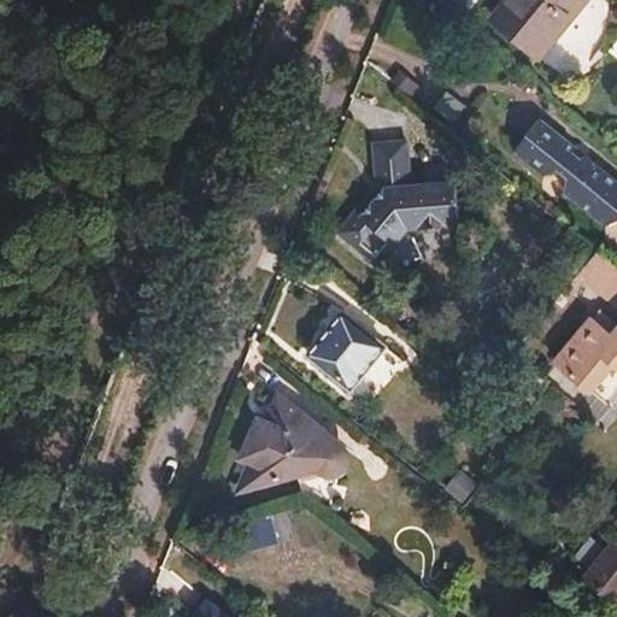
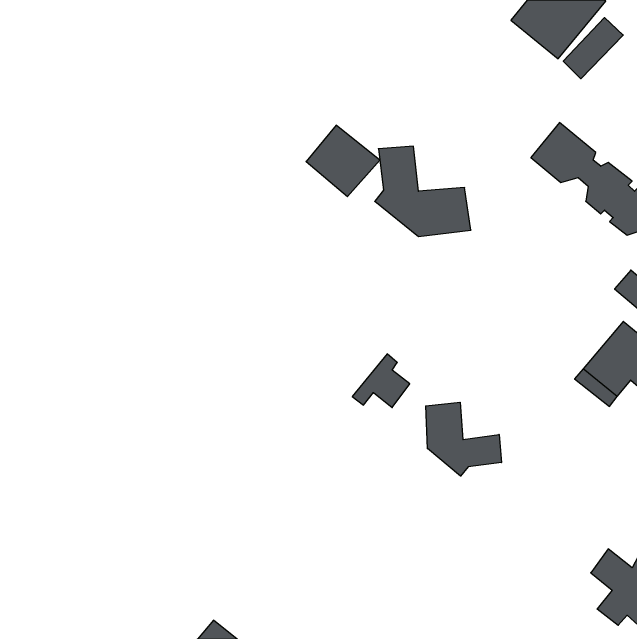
building: [334,194,405,263] -> [306,125,380,197]
building: [308,313,375,382] -> none
building: none -> [426,402,501,476]
building: [242,398,352,489] -> none

